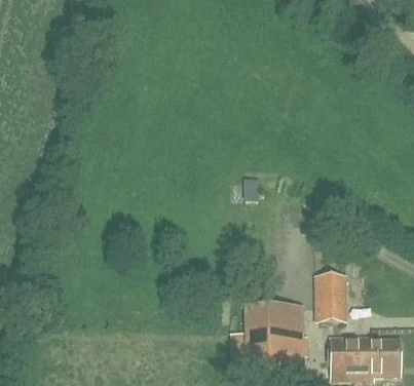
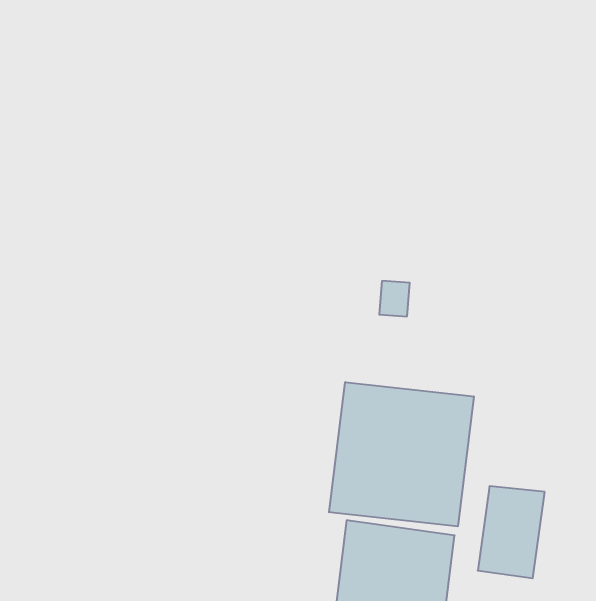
building: none -> [329,382,474,526]

